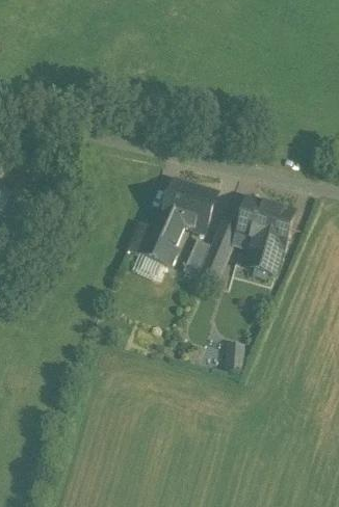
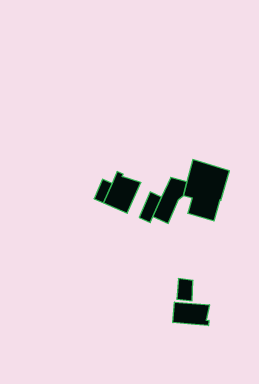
building: [159,181,213,234] -> none
building: none -> [173,302,209,326]

